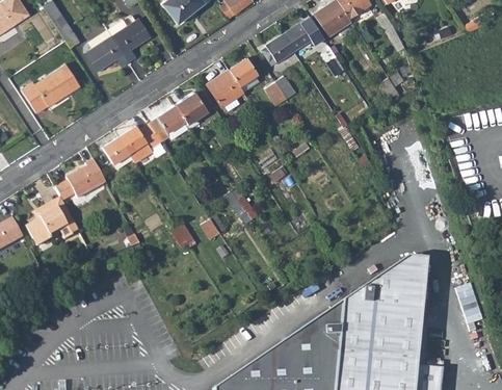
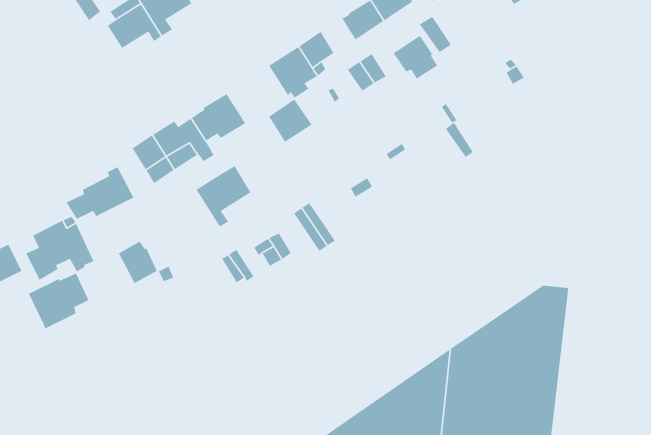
building: none -> [393,35,438,80]
building: [24,68,82,115] -> none
building: [175,92,208,125] -> [268,99,312,143]
building: none -> [195,165,252,227]
building: none -> [118,241,158,284]
building: none -> [28,272,89,330]

